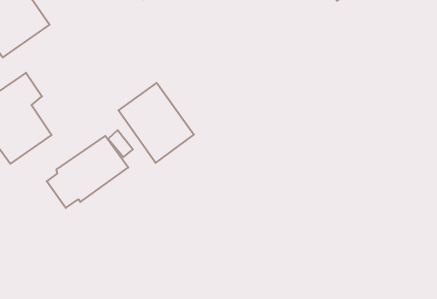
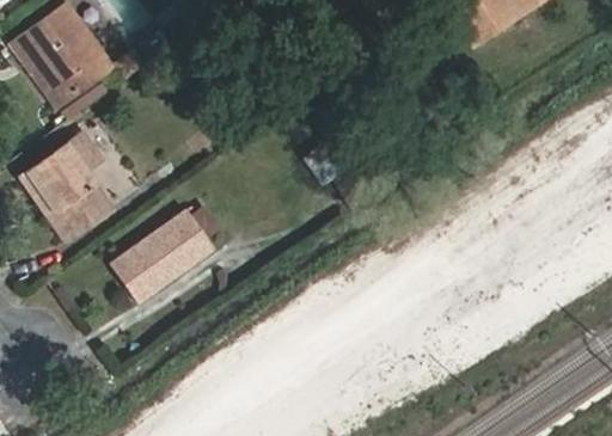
building: [118,83,194,163] -> none

